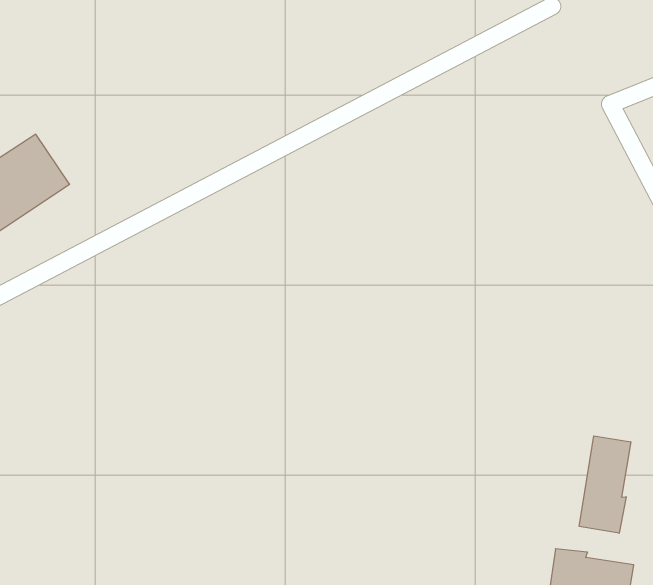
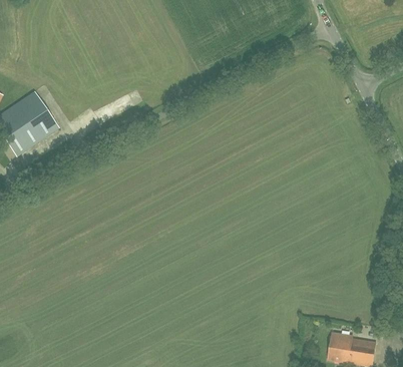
building: [579,436,631,533] -> none

